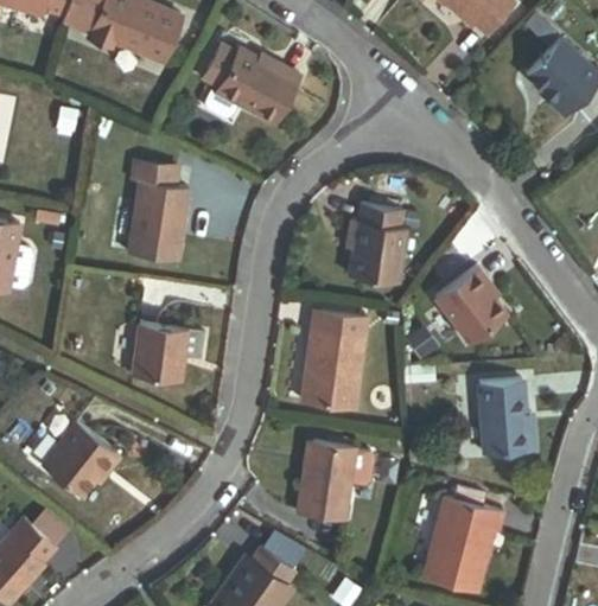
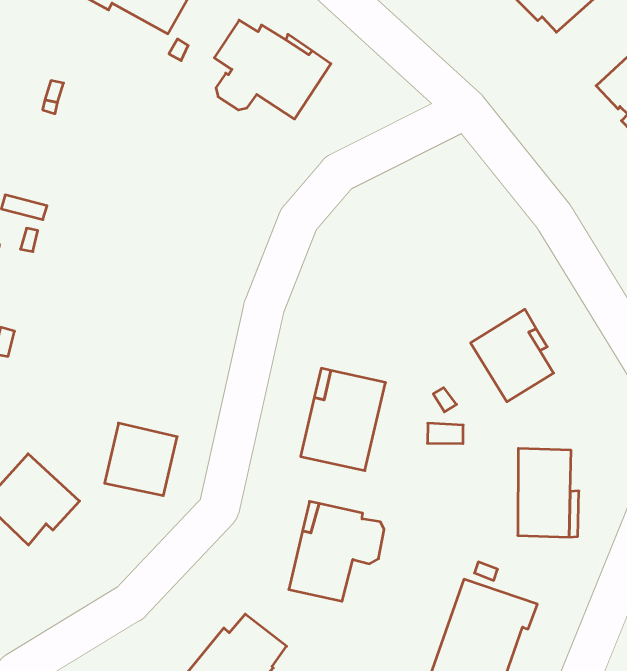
building: [128,159,189,259] -> none
building: [346,205,407,282] -> none
building: [132,324,189,381] -> [105,423,177,496]

